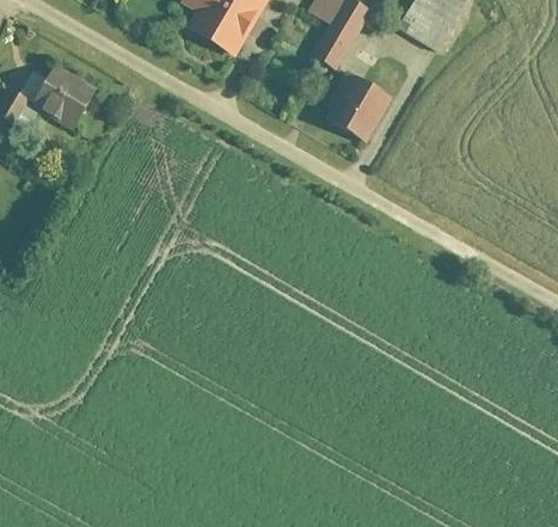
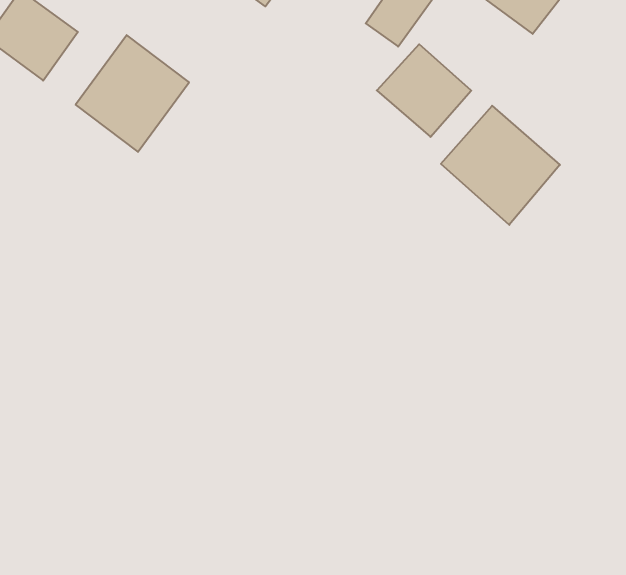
building: none -> [76,35,189,152]
building: none -> [441,106,560,225]

